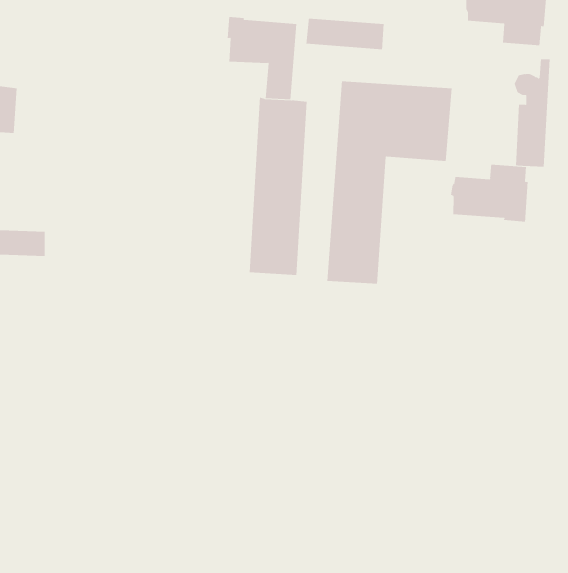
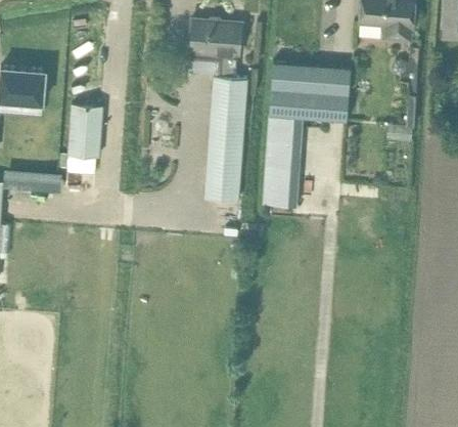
building: [306,18,384,50] -> none
building: none -> [59,105,102,174]
building: [450,164,528,222] -> none

